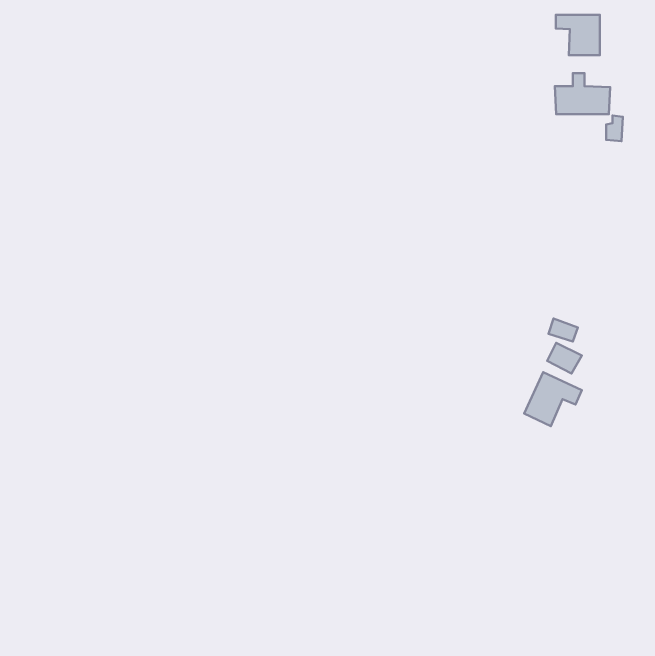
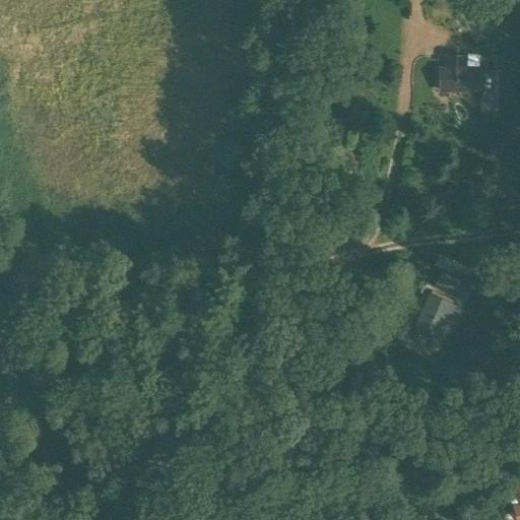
building: [556,15,600,55] -> none

